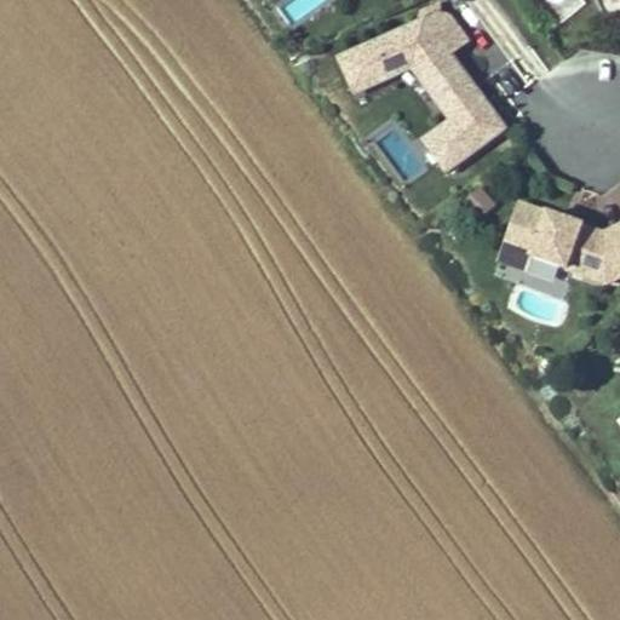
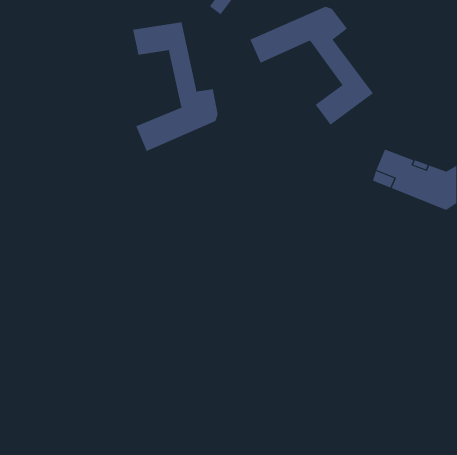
building: none -> [132,21,218,152]

